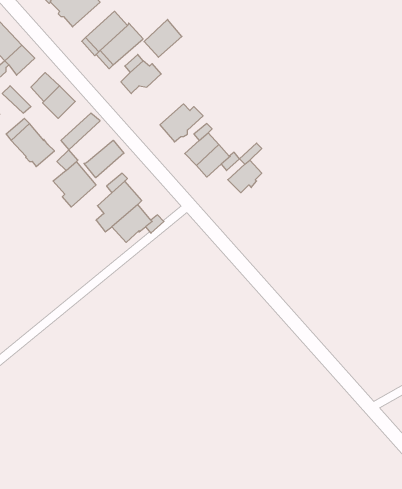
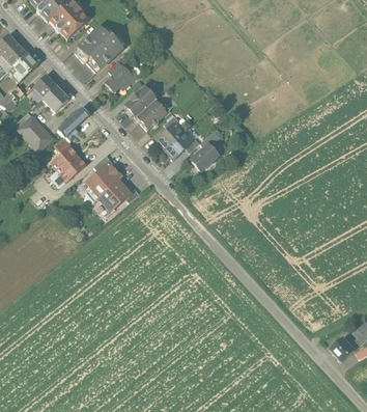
building: [144,19,182,57] -> [125,85,156,115]
building: [84,140,124,178] -> none

